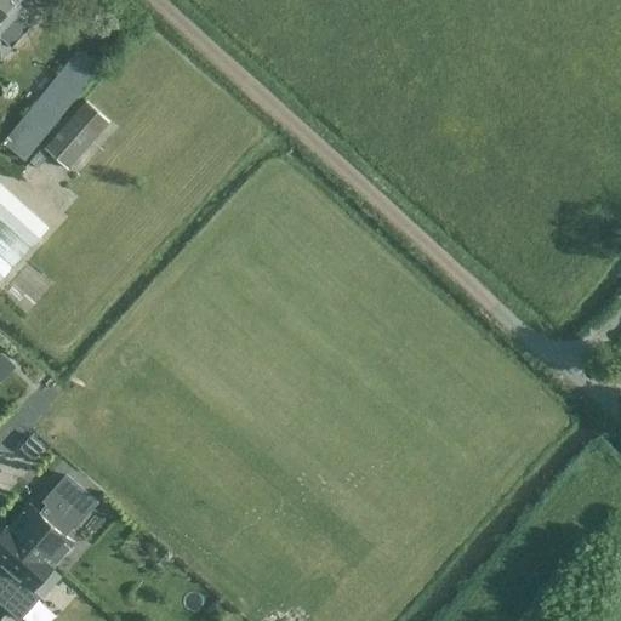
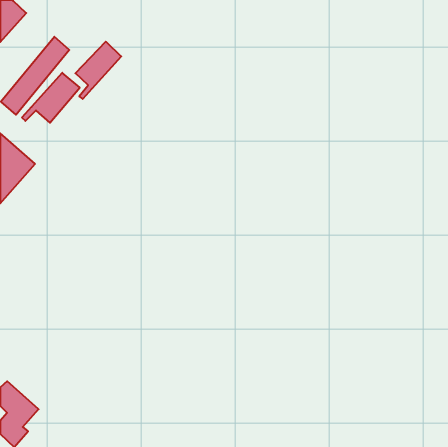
building: none -> [75,42,121,99]
building: [10,478,97,568] -> none

